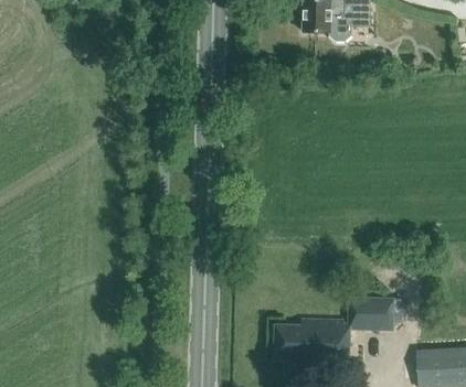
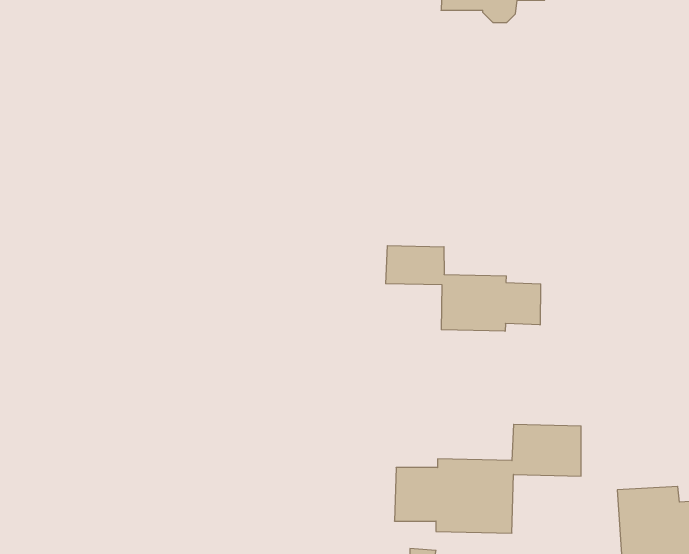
building: none -> [386,246,541,331]

